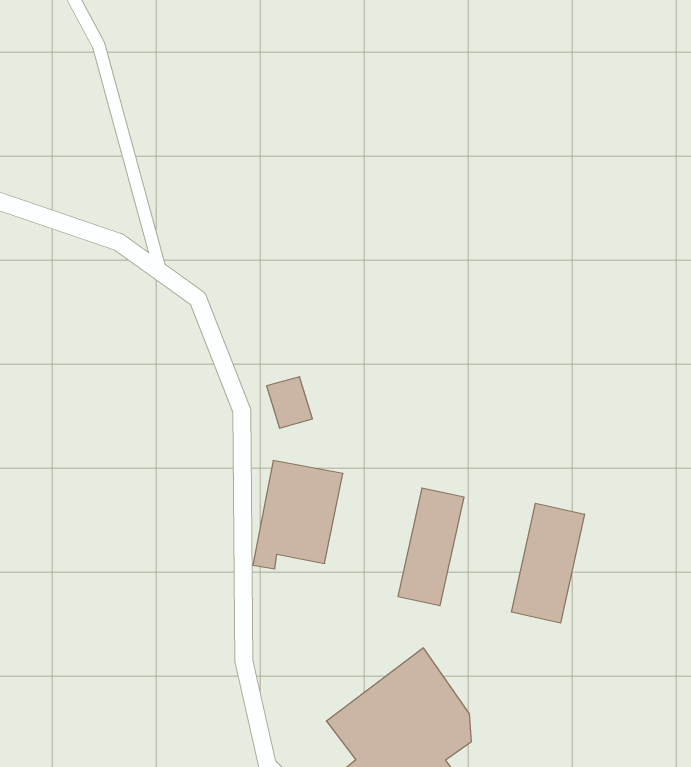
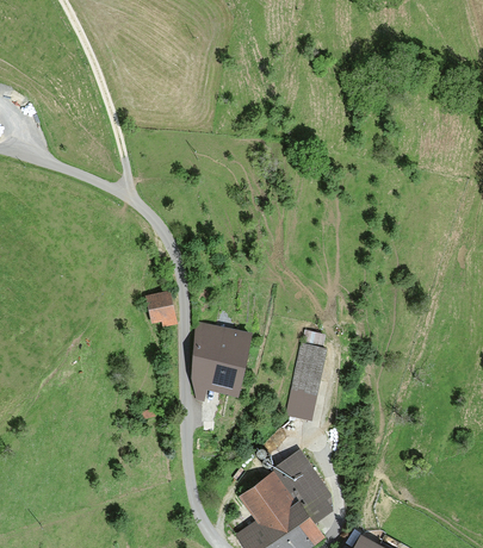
building: [267,377,312,428] -> [143,294,173,328]
building: [512,503,584,623] -> none

